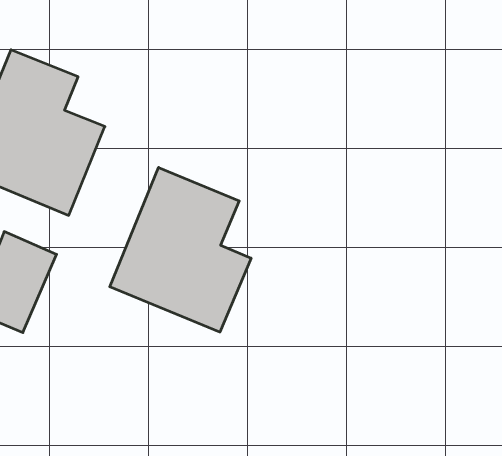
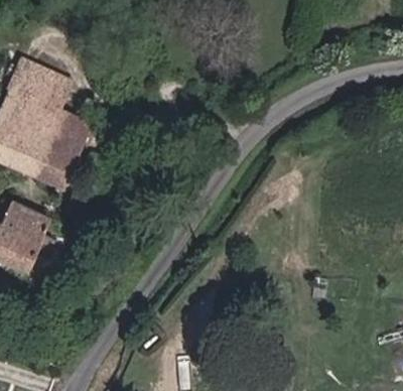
building: [110,167,251,332] -> none

